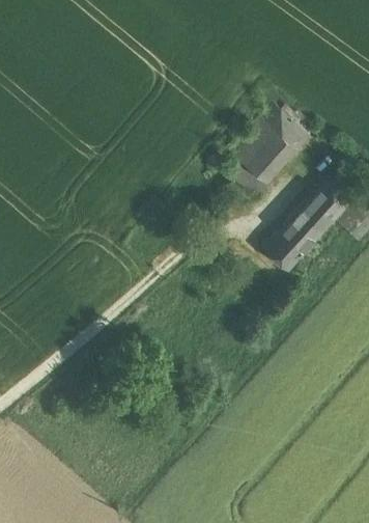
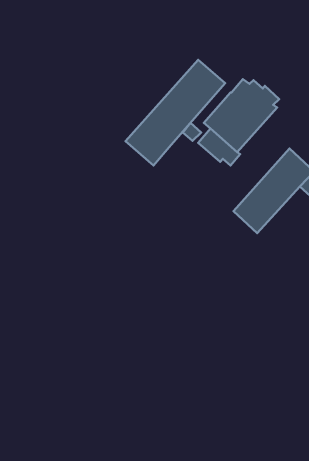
building: none -> [126,60,225,165]

